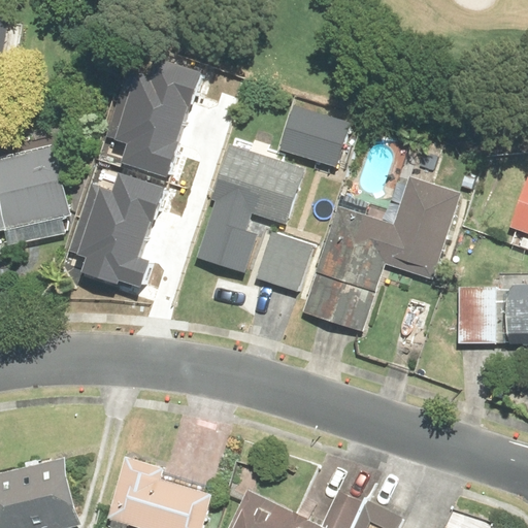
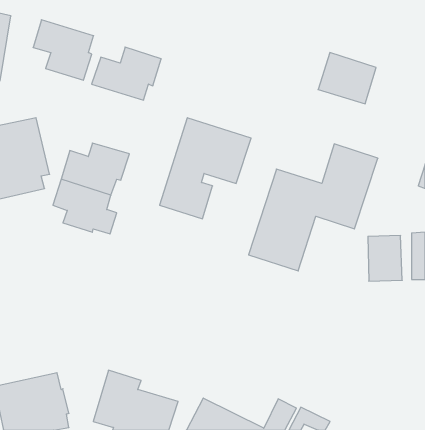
building: [102,103,176,177] -> [33,20,94,80]
building: [278,104,350,167] -> [318,53,376,104]
building: [259,233,316,293] -> none

